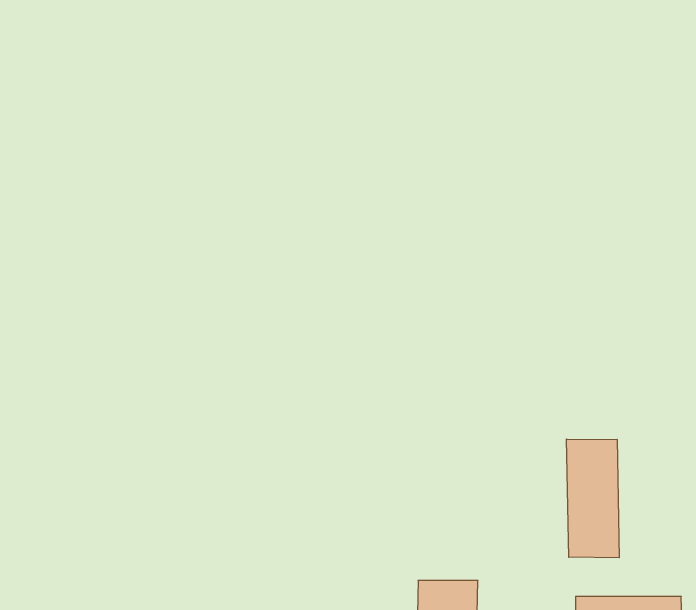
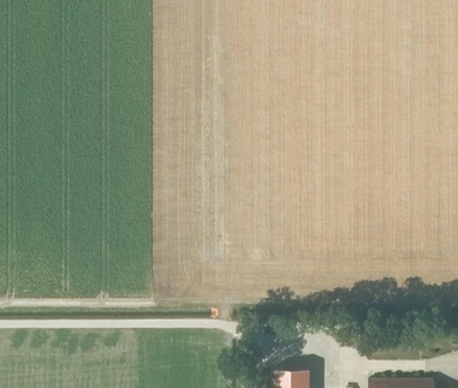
building: [567,439,619,558] -> none

